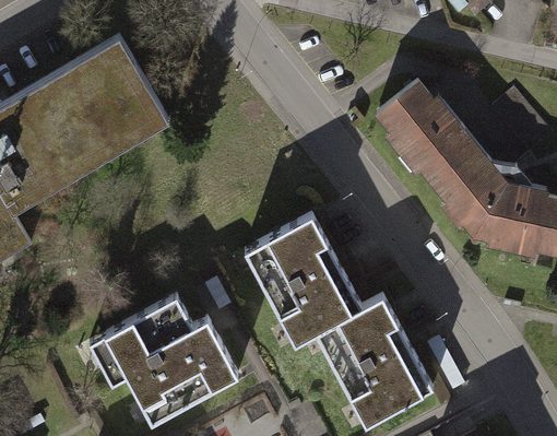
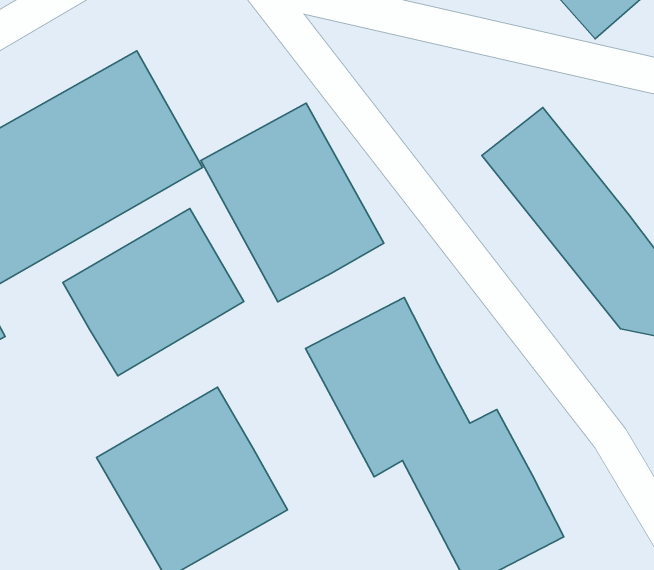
building: none -> [201,103,384,302]
building: none -> [63,209,244,376]

